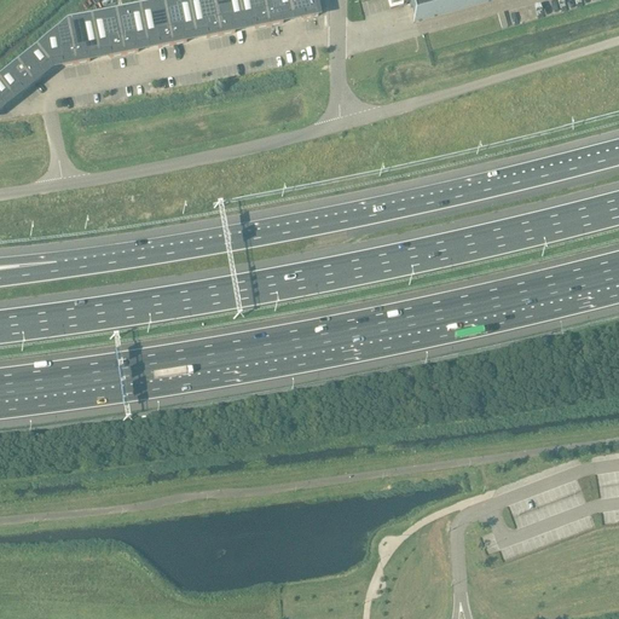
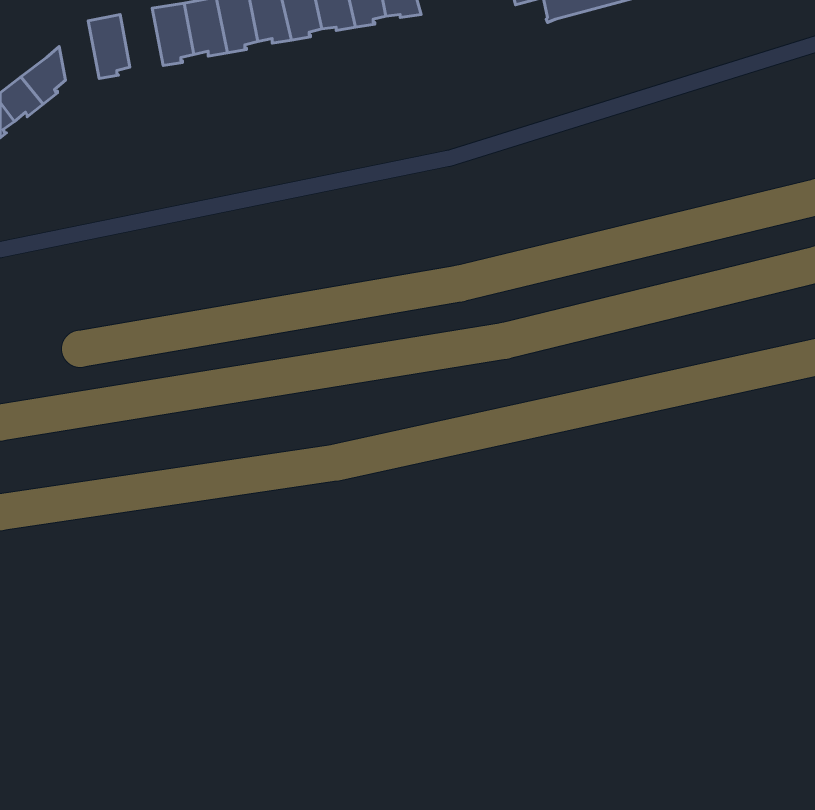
building: [93,6,126,52] -> none
building: [47,16,77,62] -> none

